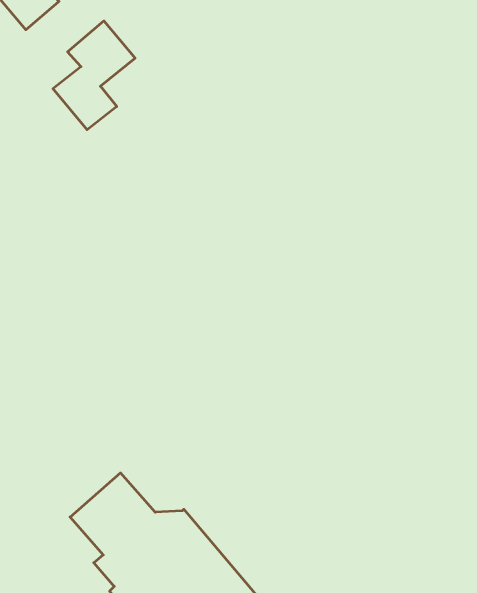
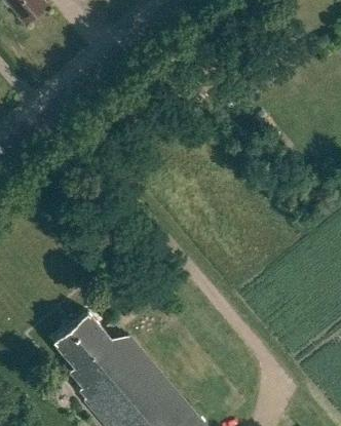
building: [53,21,135,130] -> none

